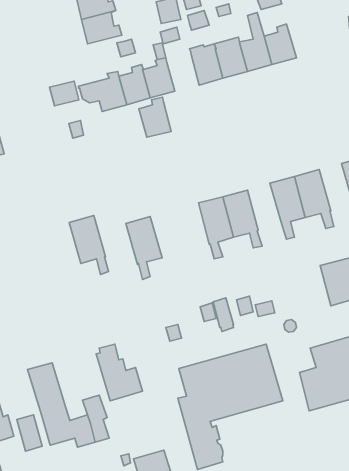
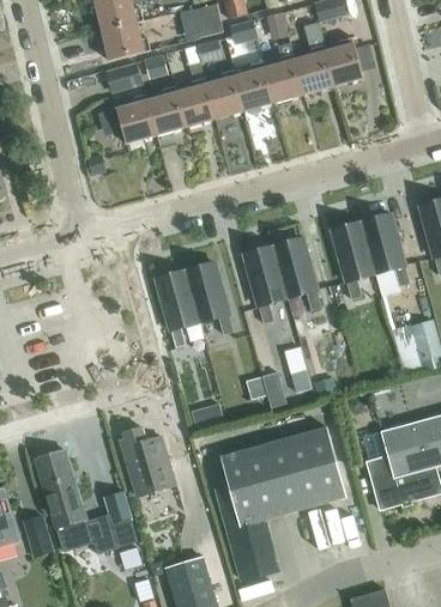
building: [50,81,79,106] -> [104,63,140,93]
building: [139,97,171,137] -> [205,69,244,119]
building: [69,216,108,274] -> [185,263,232,335]

